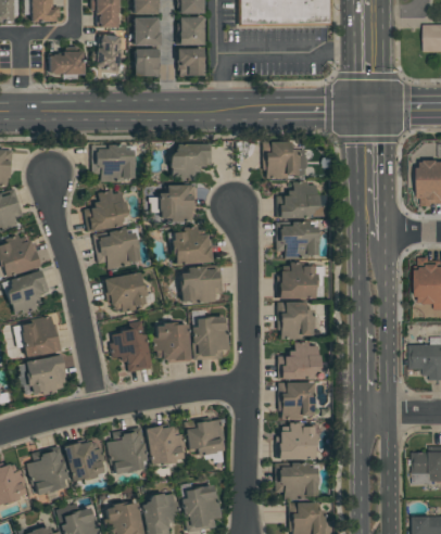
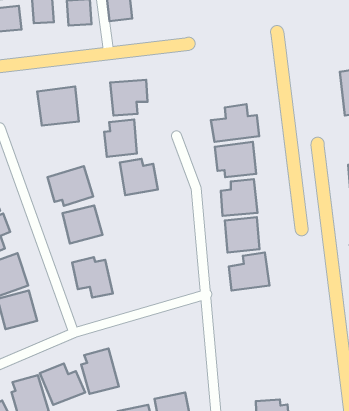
building: [265,141,307,178] -> none
building: [85,190,129,231] -> none
building: [181,267,223,303] -> none
building: [196,314,229,358] -> none
building: [156,320,190,360] -> none
building: [280,382,316,419] -> none
building: [186,416,226,455] -> none
building: [147,423,185,465] -> none
building: [279,423,317,460] -> none
building: [276,465,318,498] -> none

